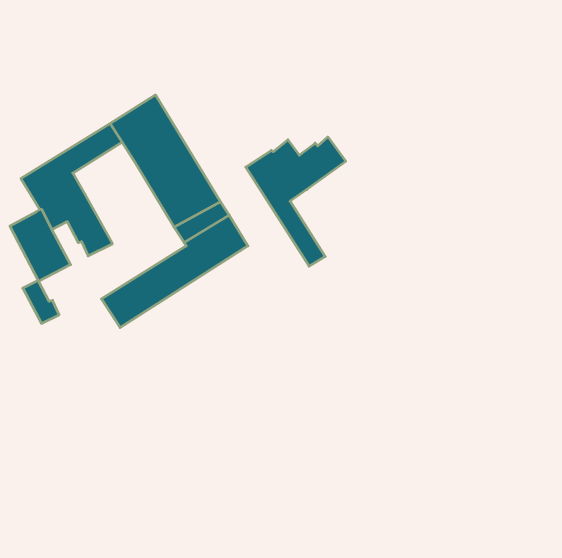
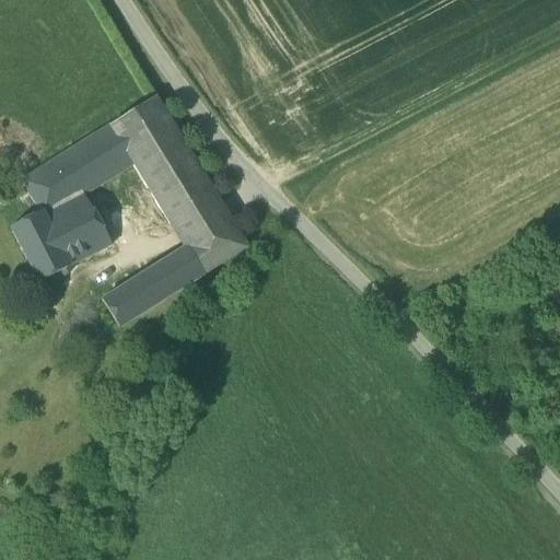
building: [246,137,346,266] -> none
building: none -> [73,141,136,192]
building: [23,280,59,323] -> [52,220,89,262]

